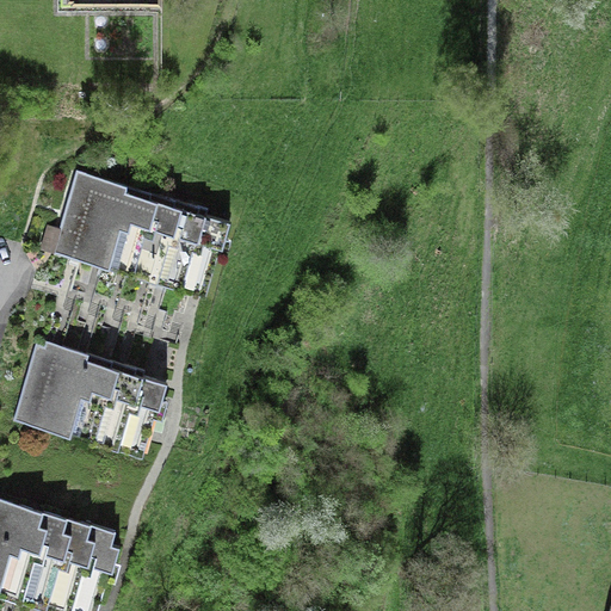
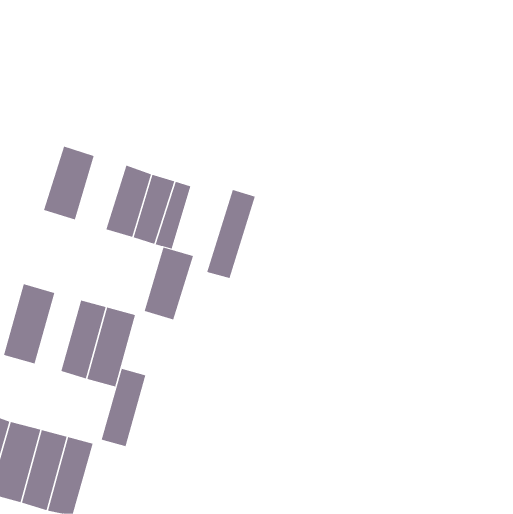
building: [90,185,149,272] -> [144,247,194,320]
building: none -> [206,189,255,279]
building: [42,347,95,440] -> [101,368,146,447]

